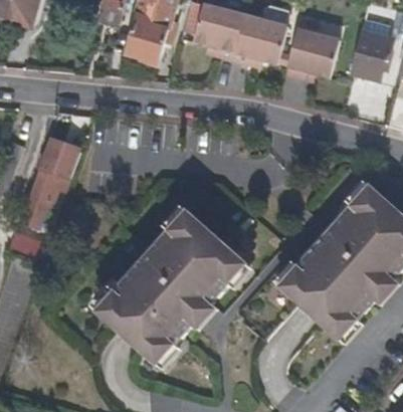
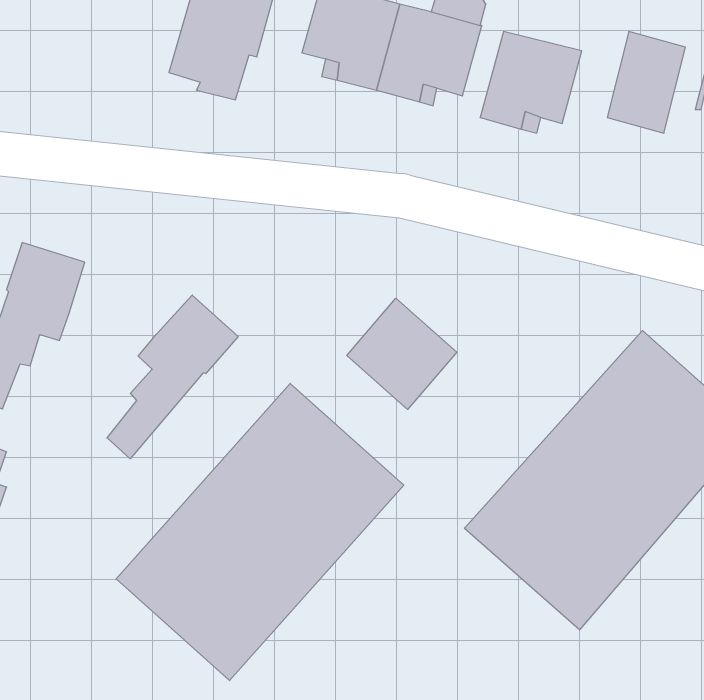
building: none -> [107,295,238,459]
building: none -> [347,298,457,409]

